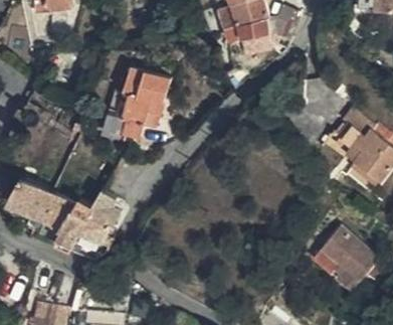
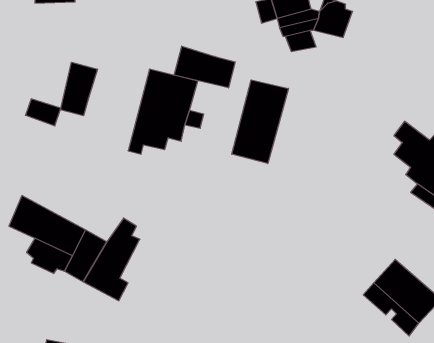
building: none -> [174,46,235,88]
building: none -> [60,62,97,116]
building: none -> [232,80,288,164]

